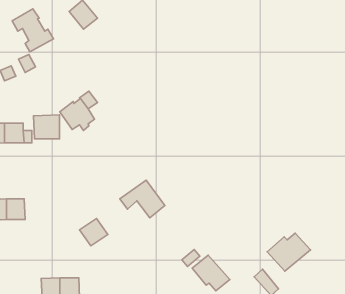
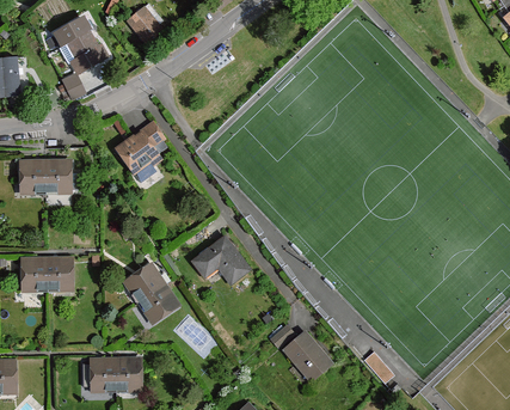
building: [33,115,60,139] -> none
building: none -> [127,265,161,300]
building: [267,233,311,271] -> none

